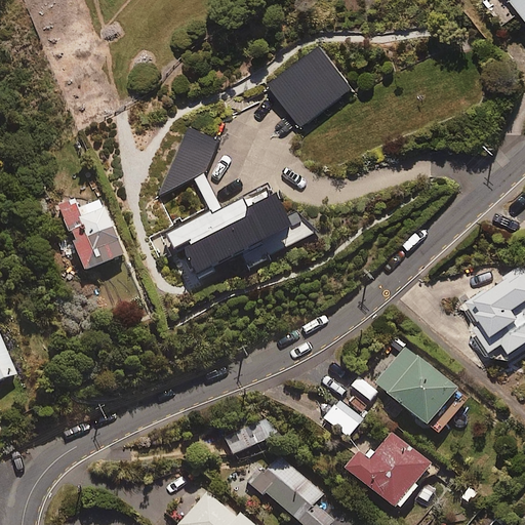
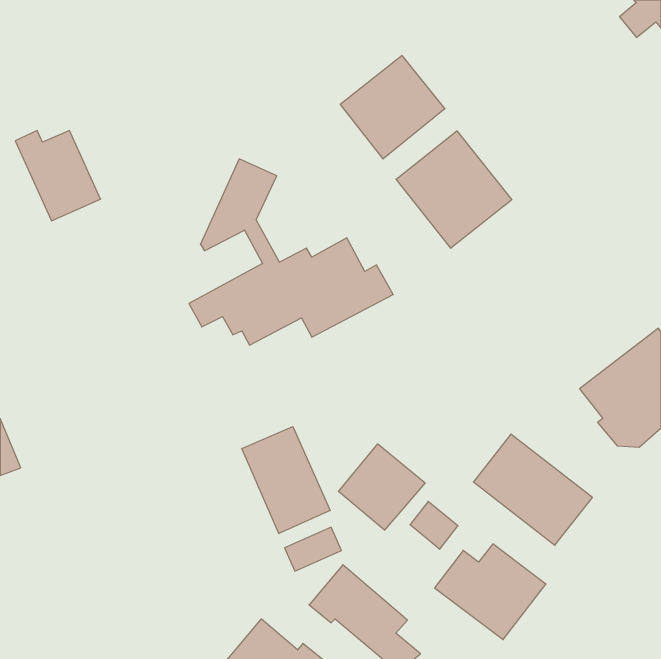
building: none -> [396,131,512,248]
building: [57,198,125,270] -> [15,131,101,221]
building: none -> [242,427,330,534]
building: none -> [338,444,425,530]

